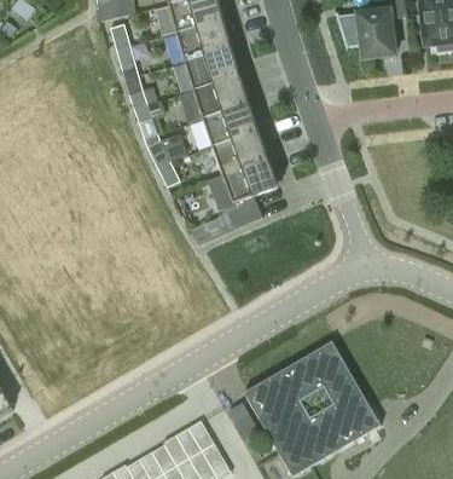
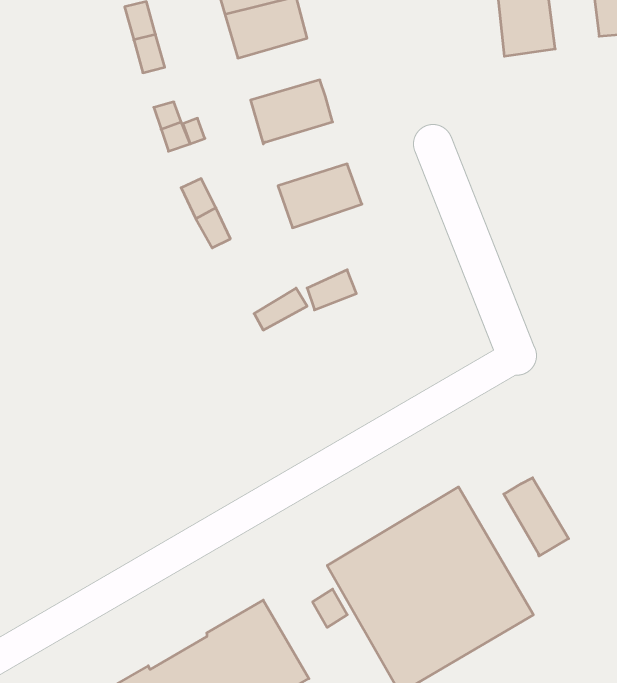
building: [184,47,238,88] -> none
building: [201,103,256,145] -> none
building: [220,157,275,202] -> none
building: none -> [504,478,569,556]

